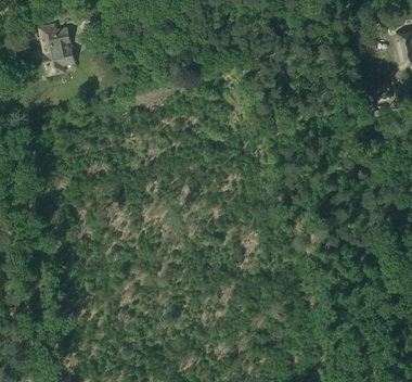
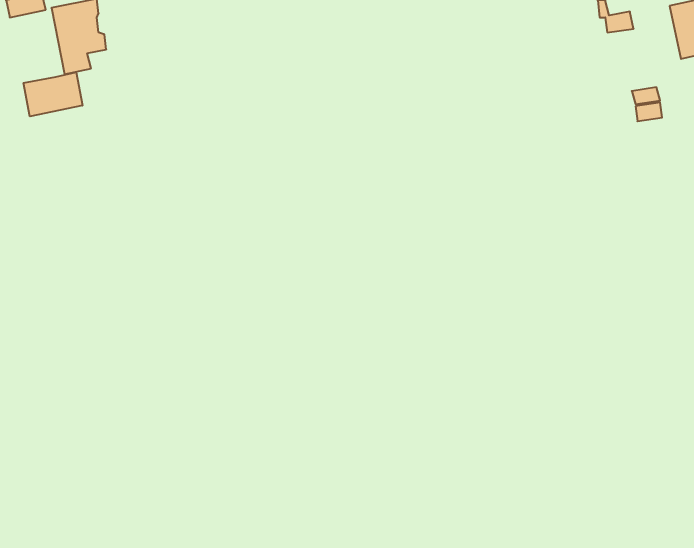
building: none -> [24,72,82,116]

